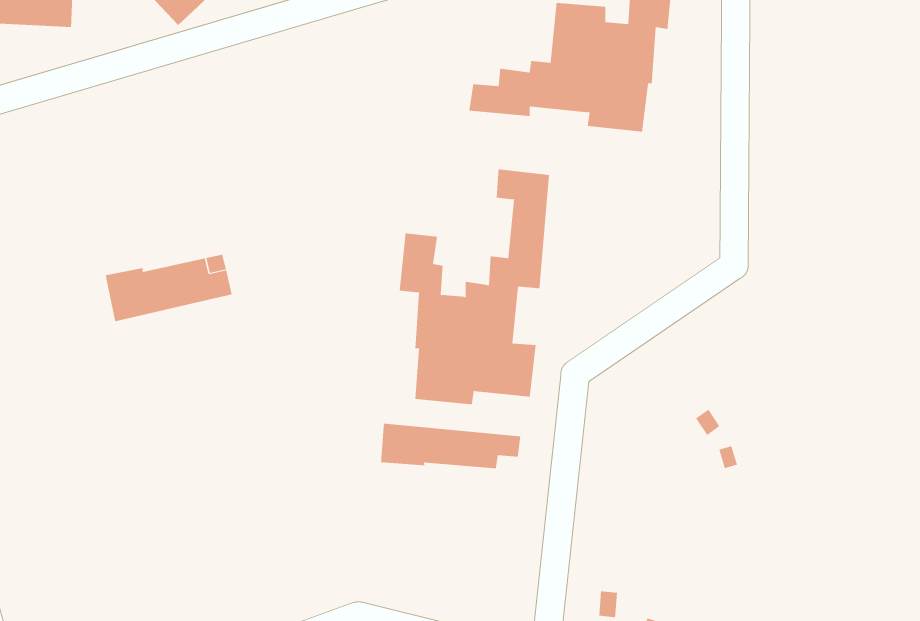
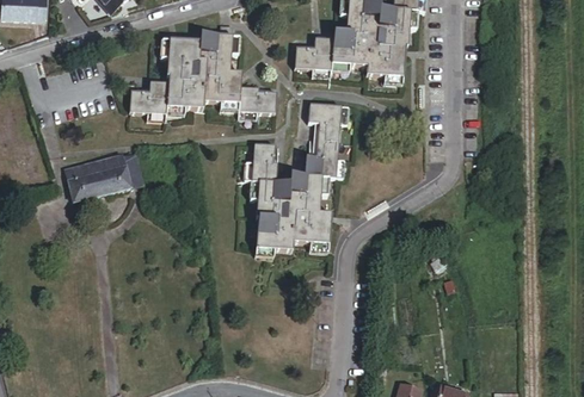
building: none -> [122,24,271,113]
building: [380,423,521,469] -> none

